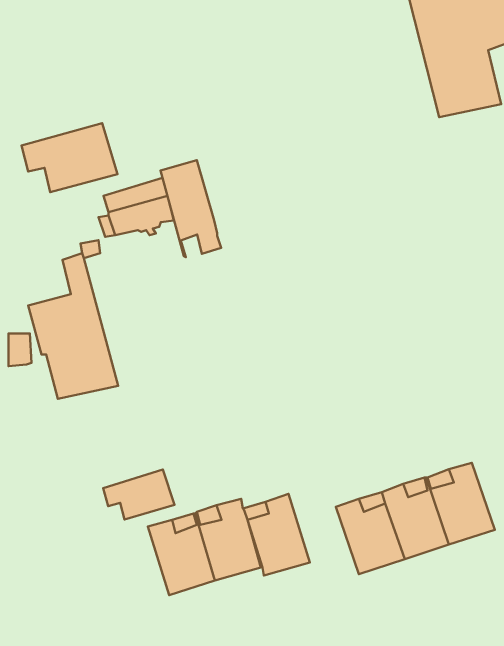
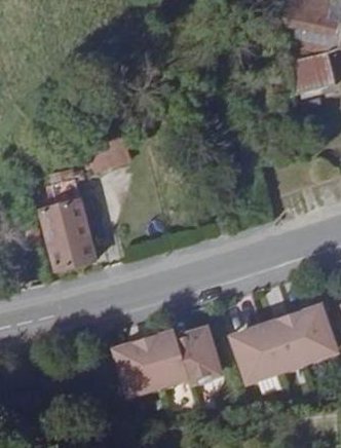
building: [22,123,118,192] -> none
building: [160,160,221,257] -> none
building: [103,470,174,520] -> none

